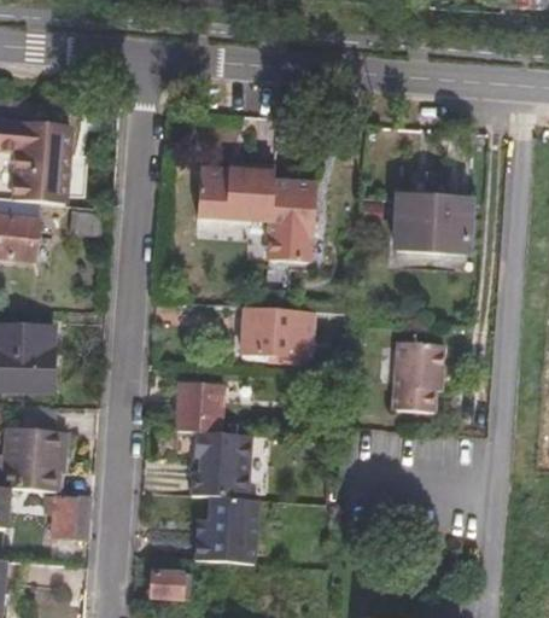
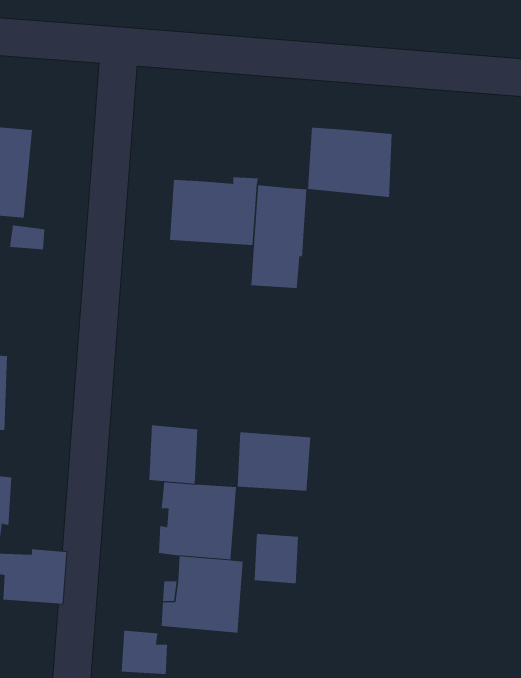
building: [396,196,471,257] -> [307,127,392,197]
building: [240,308,305,360] -> [237,432,311,491]
building: [397,339,448,410] -> none
building: none -> [254,533,299,584]

